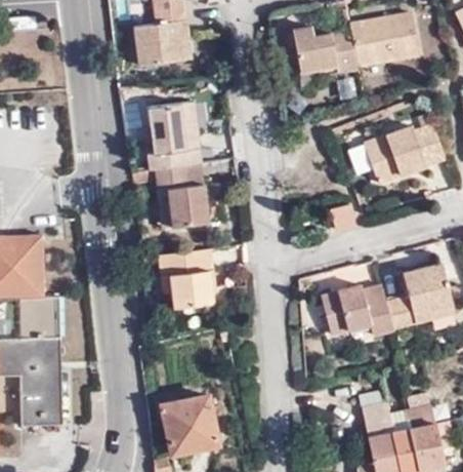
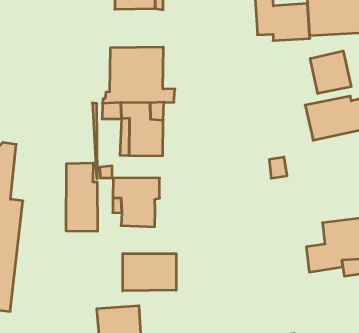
building: none -> [310,51,351,94]
building: none -> [66,163,97,231]
building: [320,285,393,338] -> none
building: none -> [123,253,176,291]

